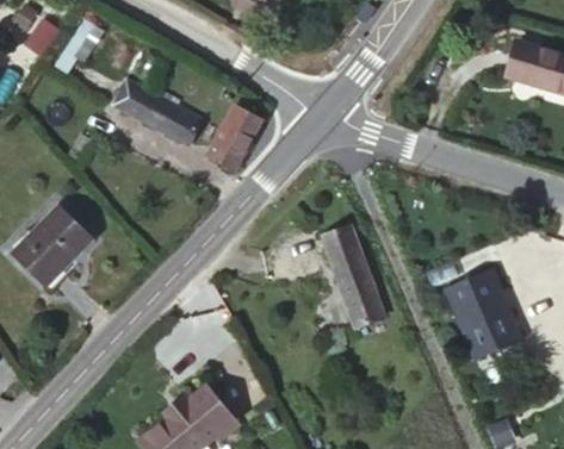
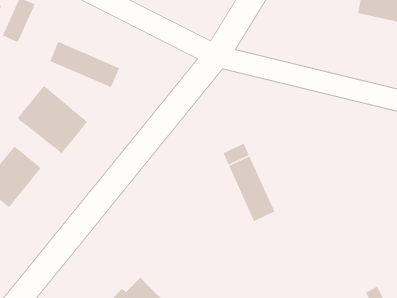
building: [207,106,260,169] -> none
building: none -> [17,85,88,154]
building: [444,268,521,360] -> none

